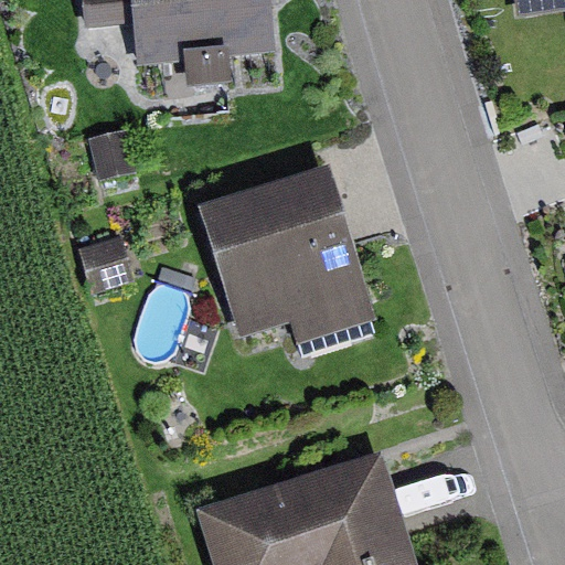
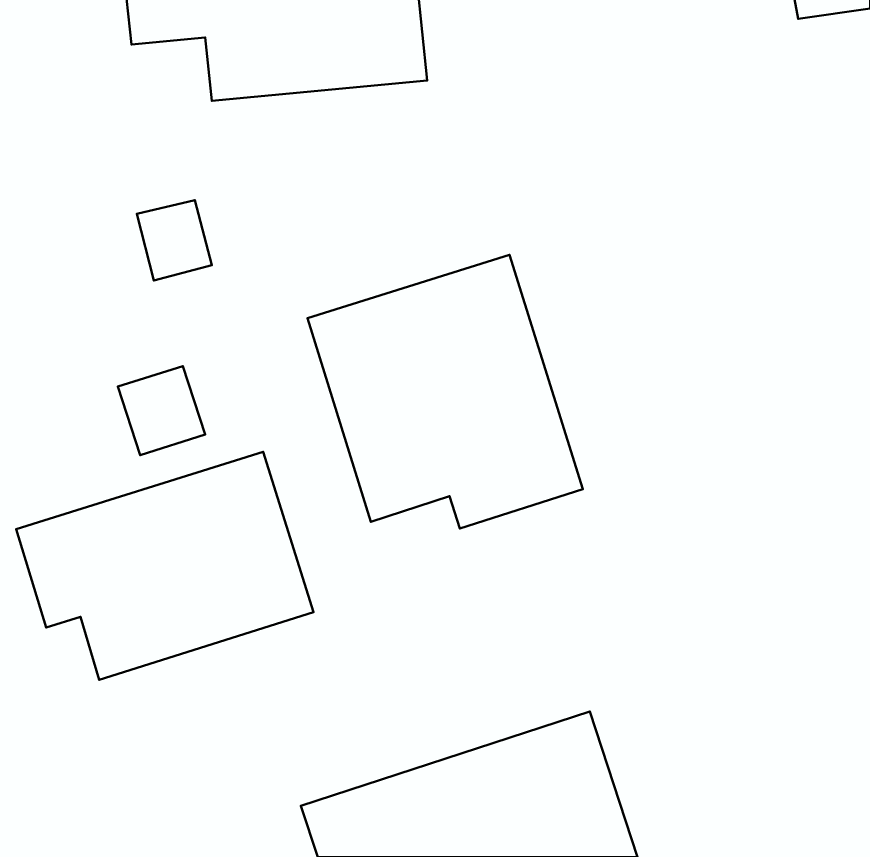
building: none -> [16,452,313,680]

